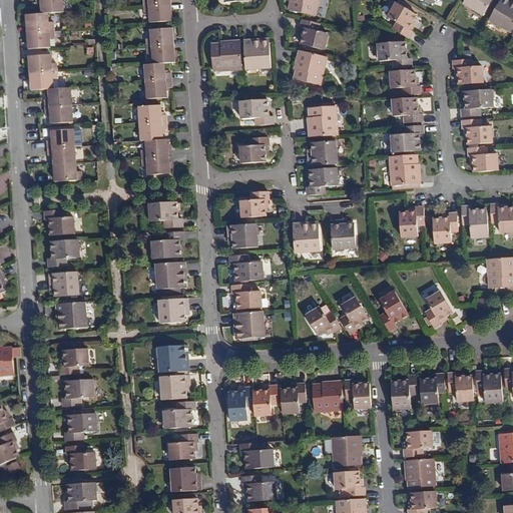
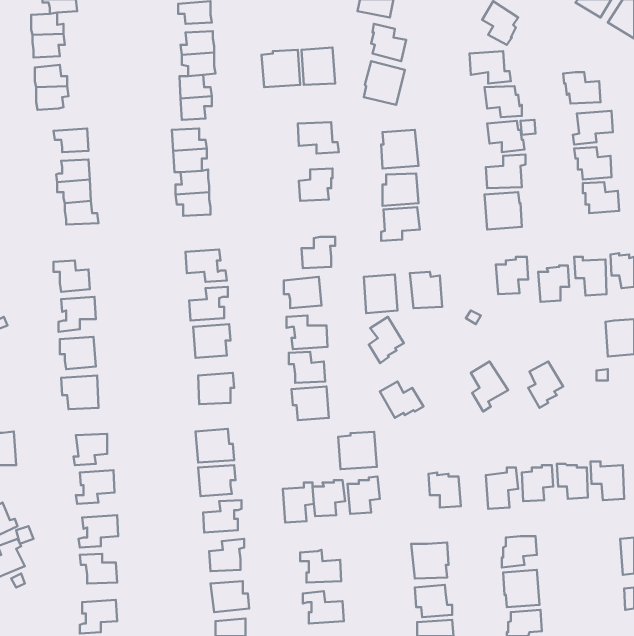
building: [43,85,70,105] -> none
building: [340,297,368,334] -> [369,317,404,363]
building: [312,381,343,411] -> [338,432,377,469]

